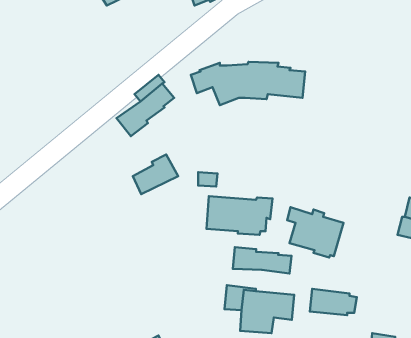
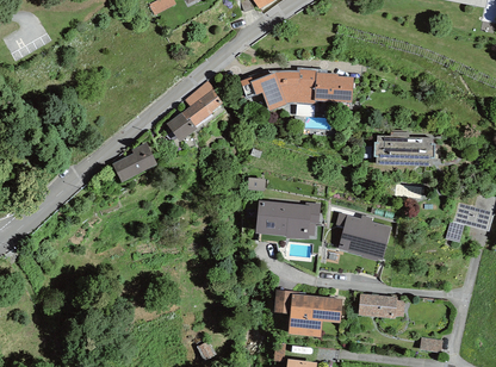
building: none -> [373,131,434,166]
building: [133,154,178,194] -> [112,142,157,181]
building: [233,247,292,273] -> none

